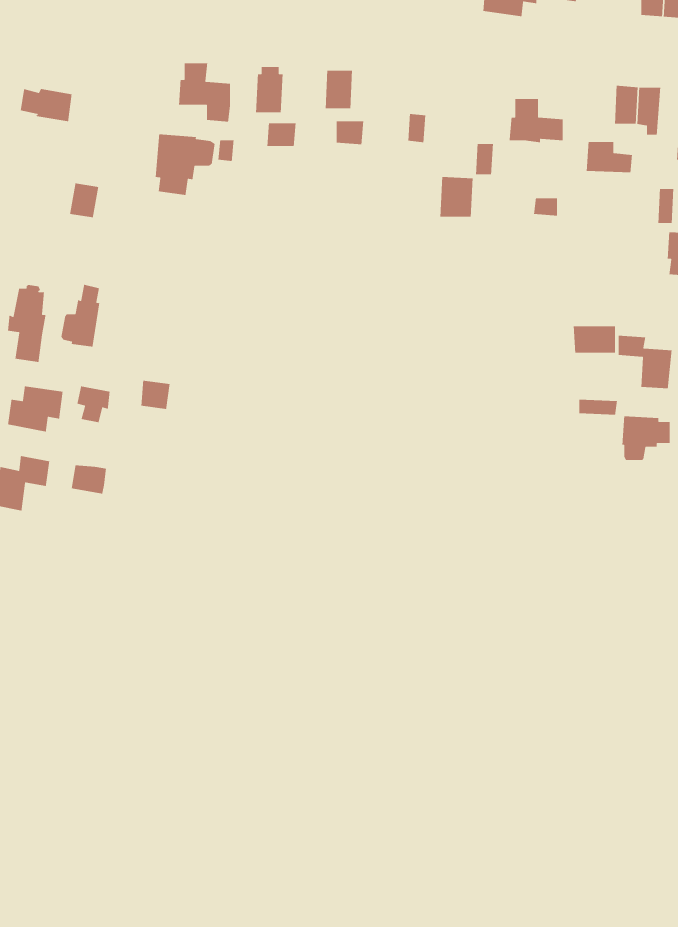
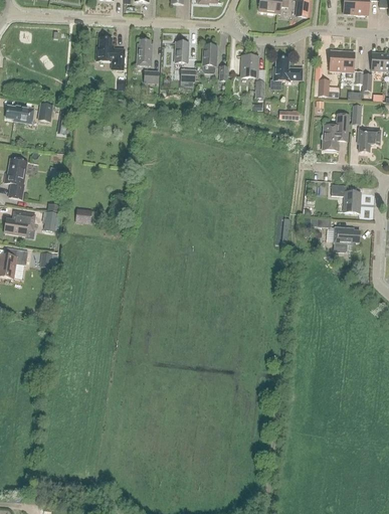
building: none -> [202,44,217,72]
building: [20,88,72,122] -> [5,105,33,123]
building: [155,134,215,196] -> none
building: [440,176,473,217] -> [240,54,258,76]
building: none -> [322,113,349,150]
building: [61,284,100,347] -> none

